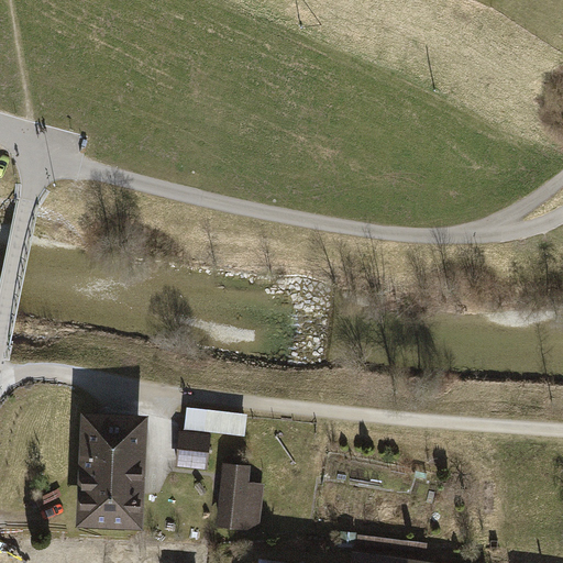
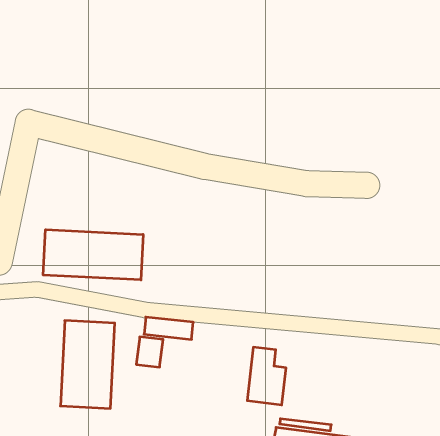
building: none -> [43,230,143,280]
building: [214,462,264,536] -> [247,347,286,405]

